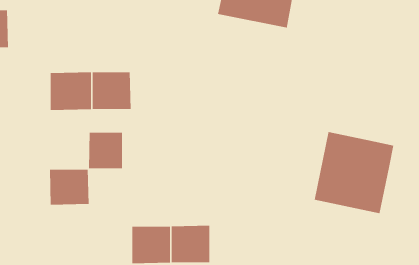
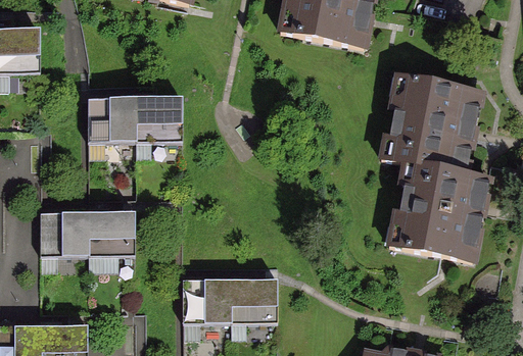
building: none -> [382,75,484,179]
building: [88,132,123,169] -> none
building: none -> [41,211,88,254]

